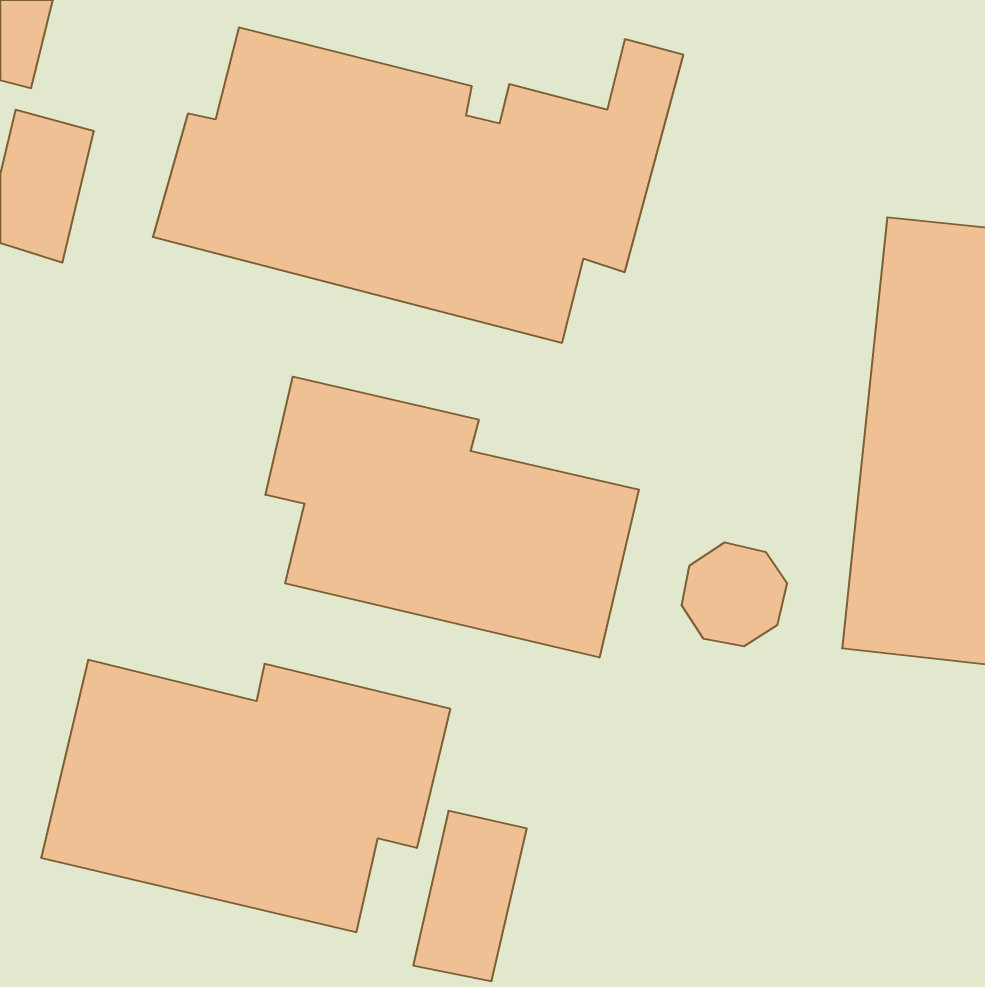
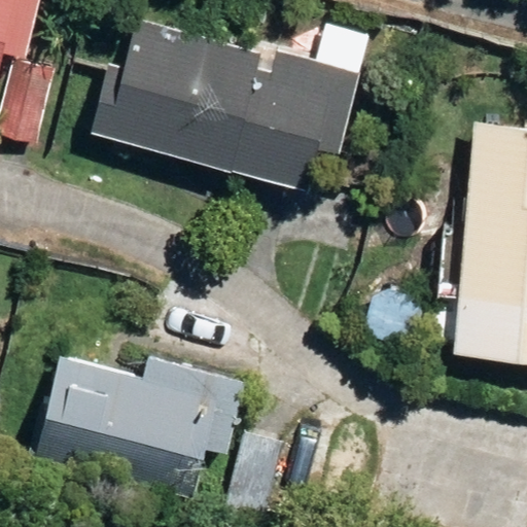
building: [265,377,639,658] -> none

